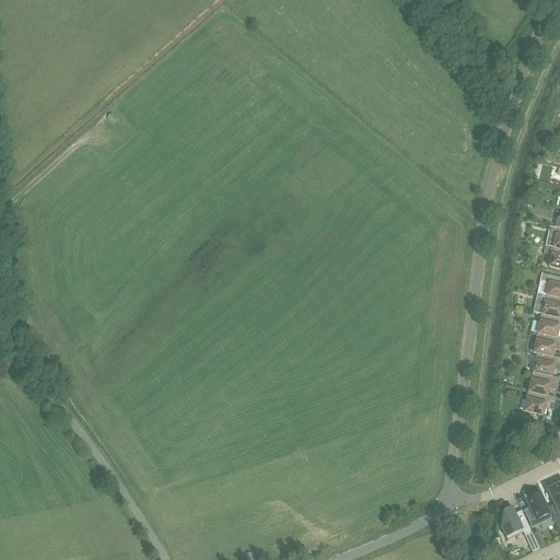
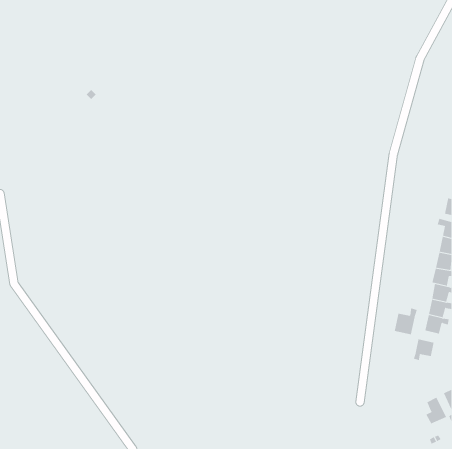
building: none -> [394,307,417,335]
building: none -> [413,339,434,361]
building: [502,504,533,535] -> none

